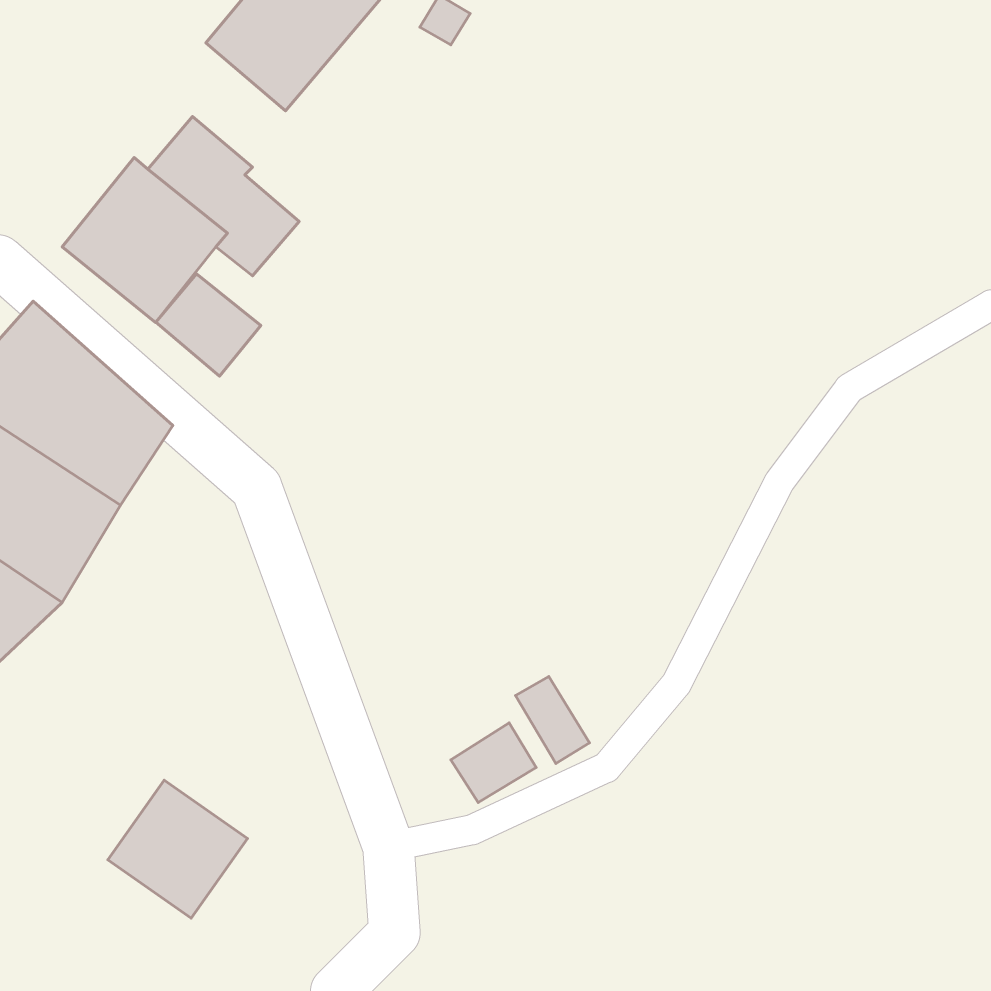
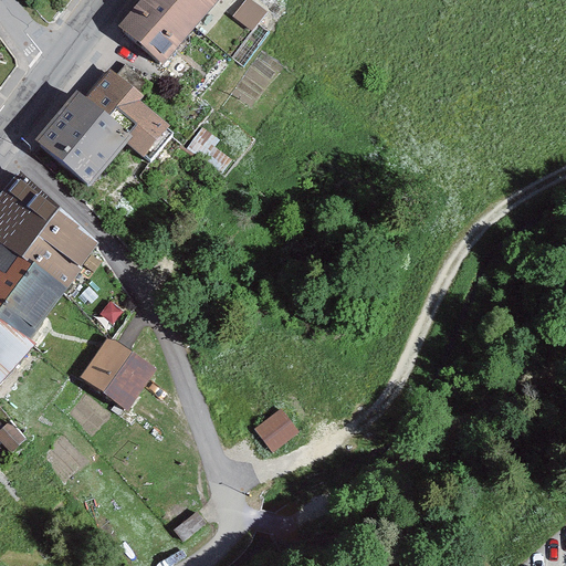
building: [156,274,261,376] -> none
building: [515,677,590,764] -> none
building: [108,780,248,918] -> [76,335,156,413]

